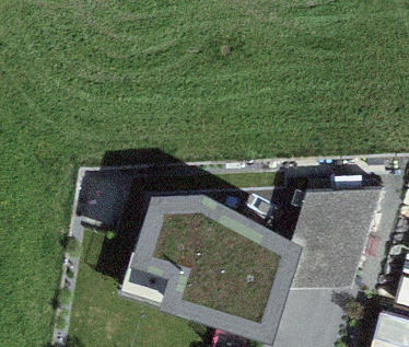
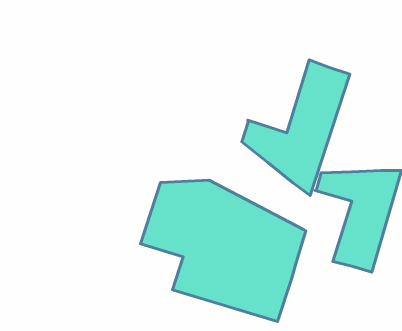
building: none -> [242,60,350,195]

